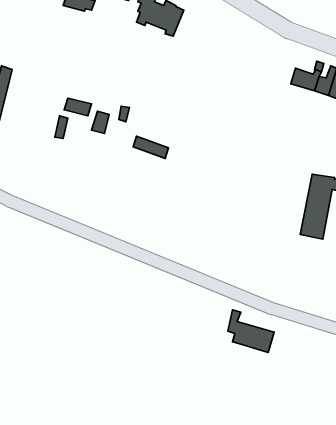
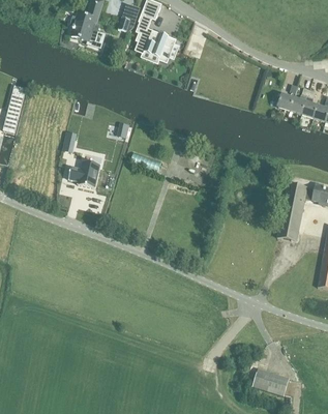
building: none -> [68,159,100,188]
building: [228,310,274,352] -> [248,357,289,394]

